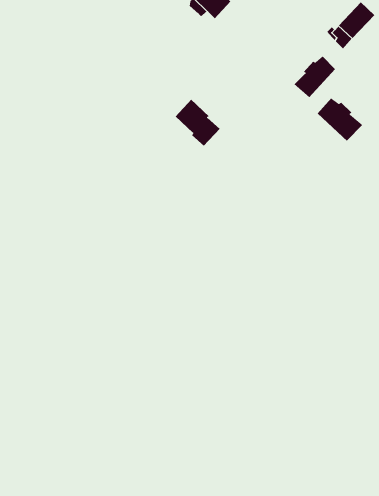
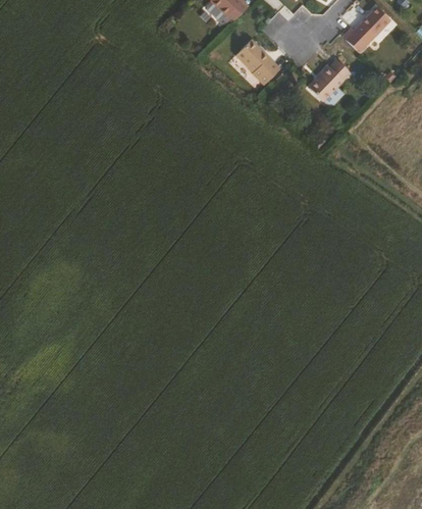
building: [317,97,363,141] -> none
building: [175,99,220,147] -> [235,39,280,86]

